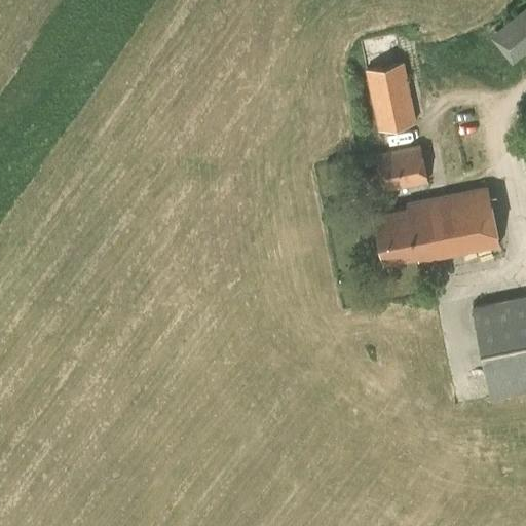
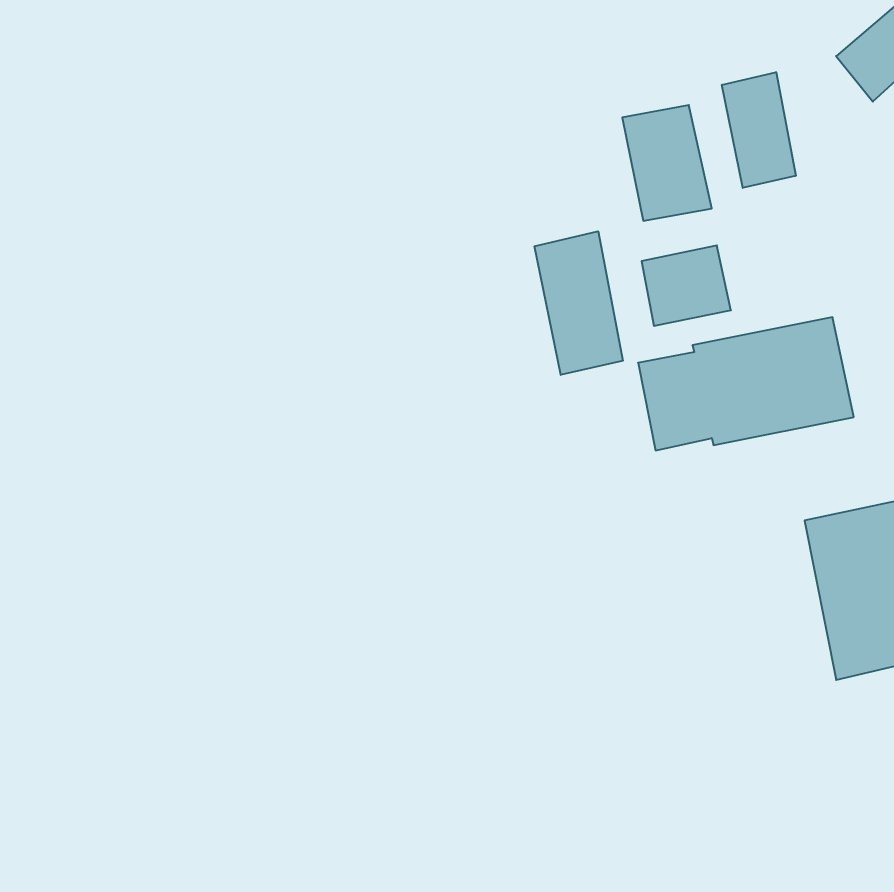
building: none -> [722,72,796,188]
building: none -> [534,231,623,375]

